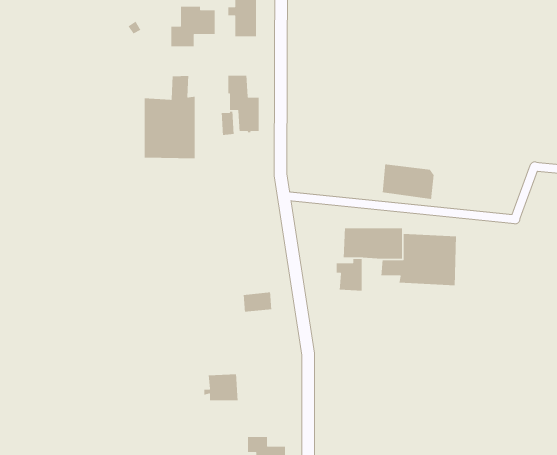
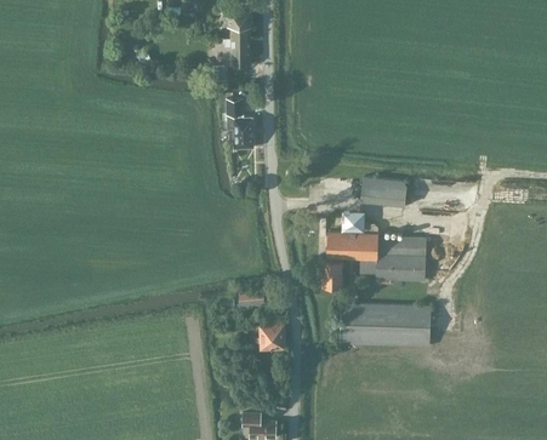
building: [171,6,215,47] -> none
building: [144,75,195,159] -> none
building: none -> [341,303,431,345]
building: [204,373,238,401] -> [255,324,285,348]

